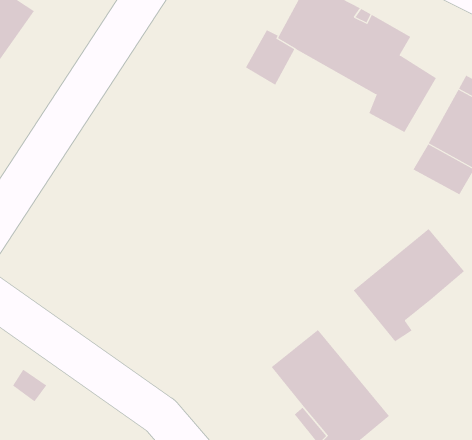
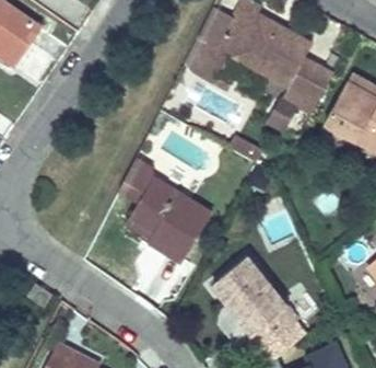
building: none -> [126,176,212,261]
building: [353,228,465,342] -> none

